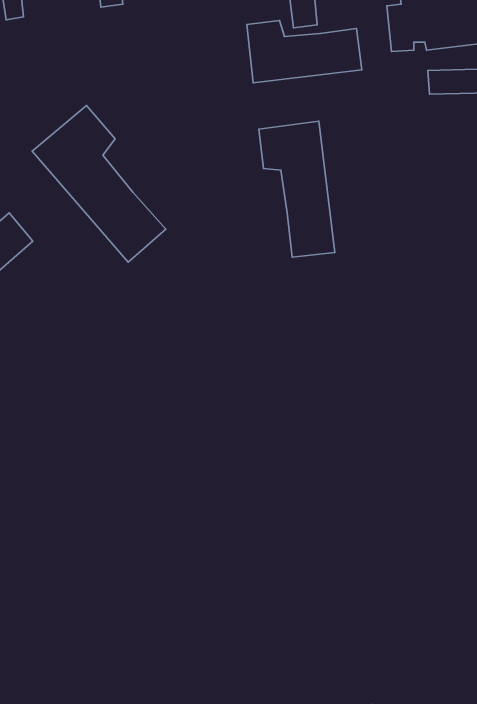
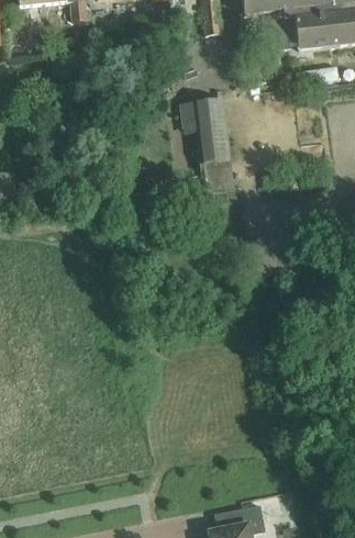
building: [247,21,362,83] -> none
building: [32,105,166,262] -> none

